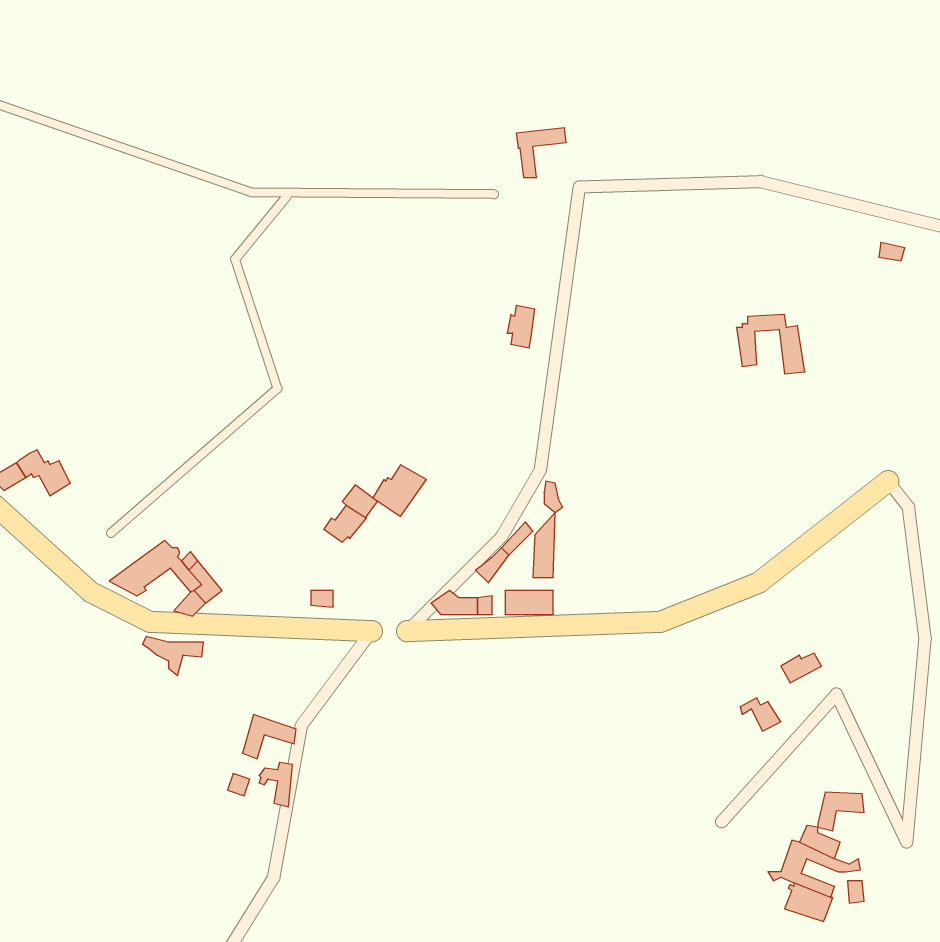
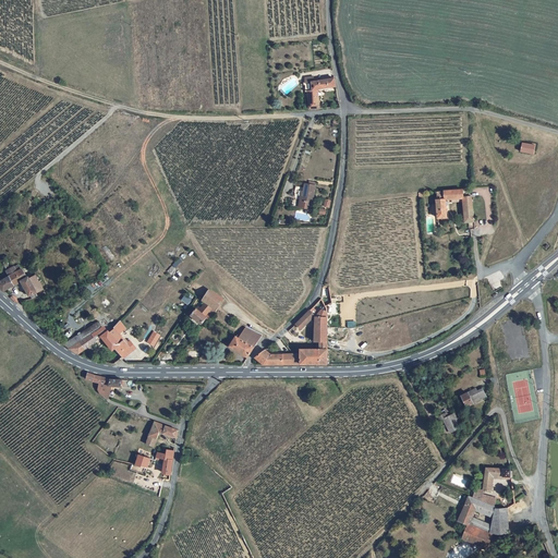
building: [373,465,426,516] -> [229,326,260,356]

